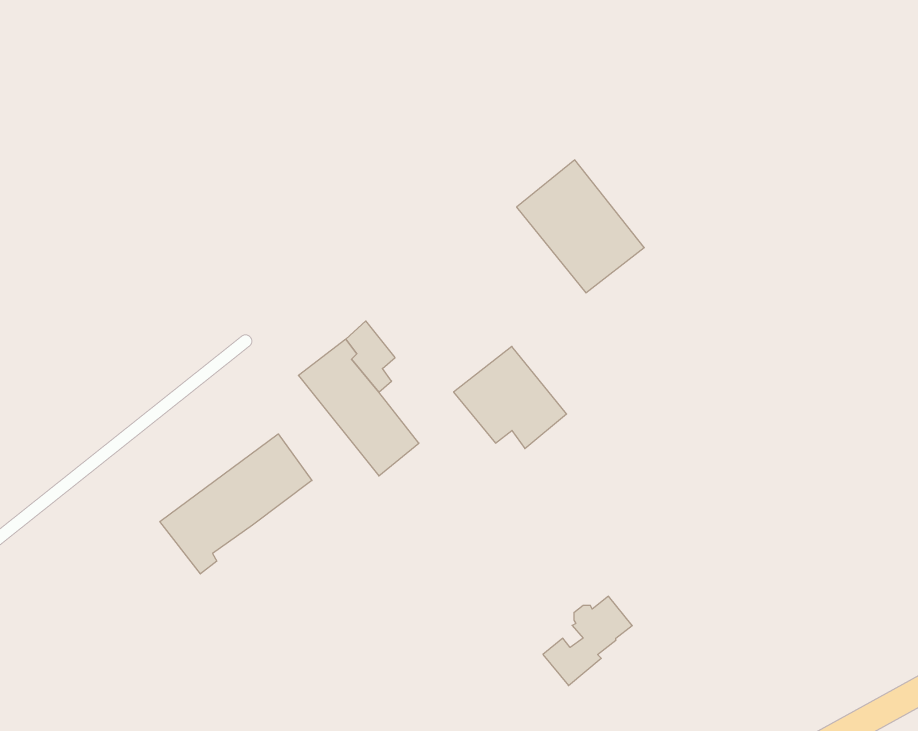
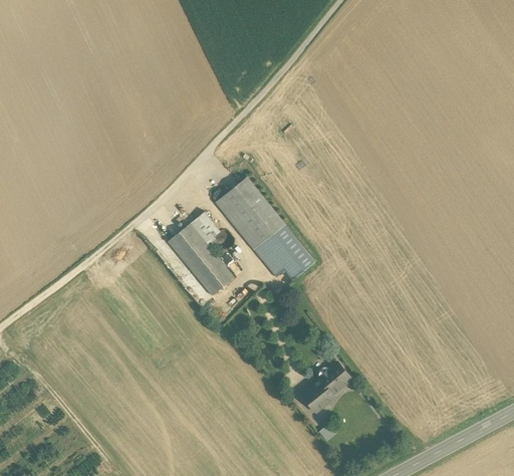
building: [517,160,644,293] -> [215,177,285,250]
building: [160,434,312,574] -> none

